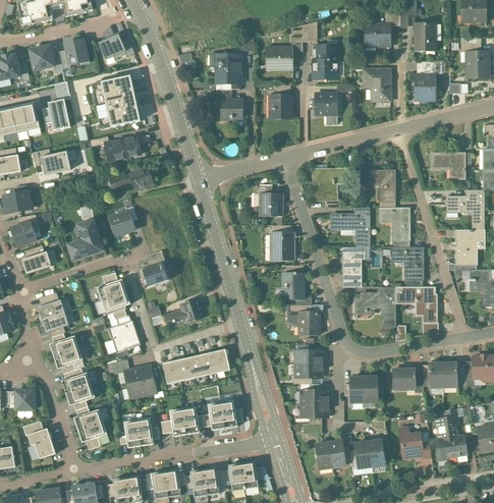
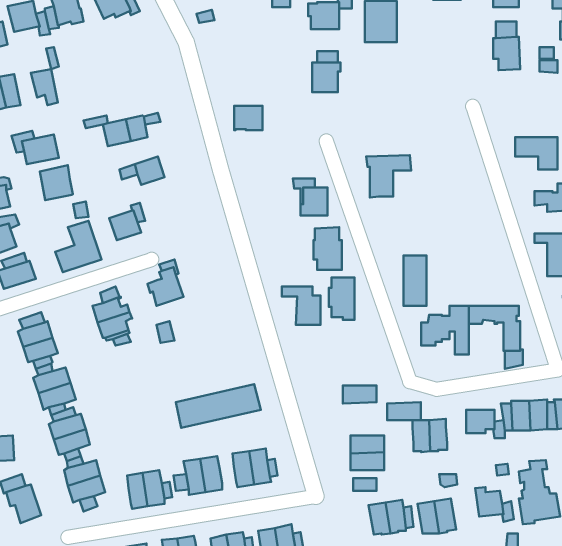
building: [210,54,240,83] -> none
building: [363,69,390,101] -> none
building: [91,75,140,129] -> none
building: [314,94,337,114] -> none
building: [220,100,242,119] -> [234,106,263,130]
building: [369,171,394,202] -> none
building: none -> [40,165,73,200]
building: [332,208,369,247] -> none
building: [378,208,409,241] -> none
building: [390,247,423,287] -> none
building: [164,299,204,329] -> none
building: [287,304,318,335] -> [282,286,320,325]
building: [108,320,140,353] -> none
building: [294,364,321,378] -> [387,402,421,420]
building: [123,366,156,398] -> none

